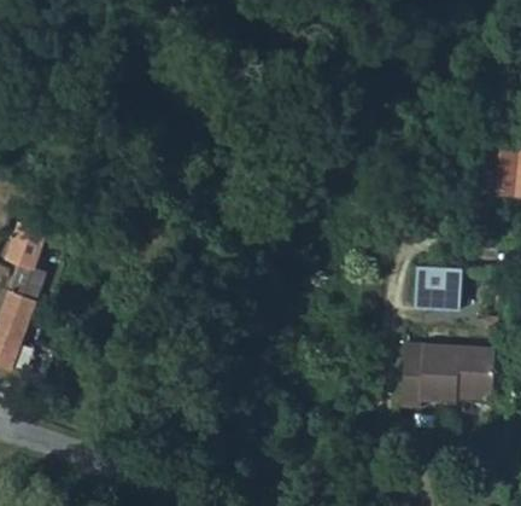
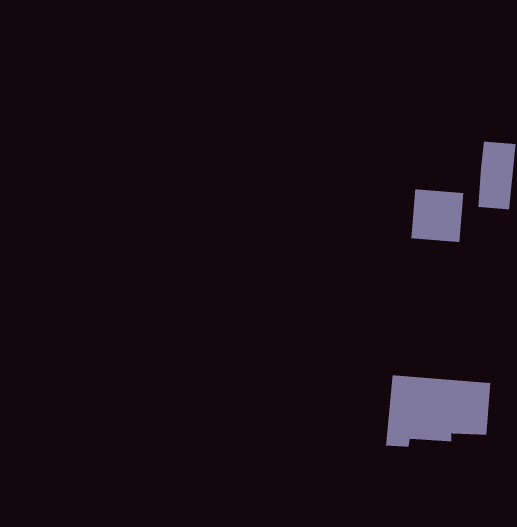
building: [415,263,463,312] -> [411,189,464,242]

